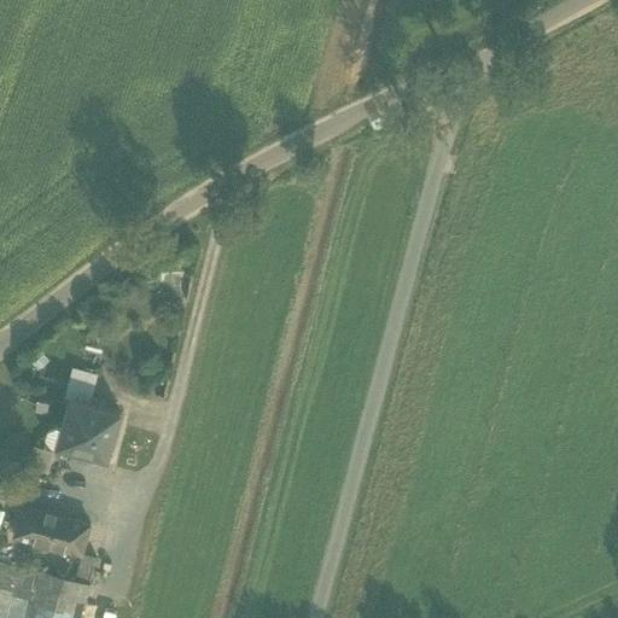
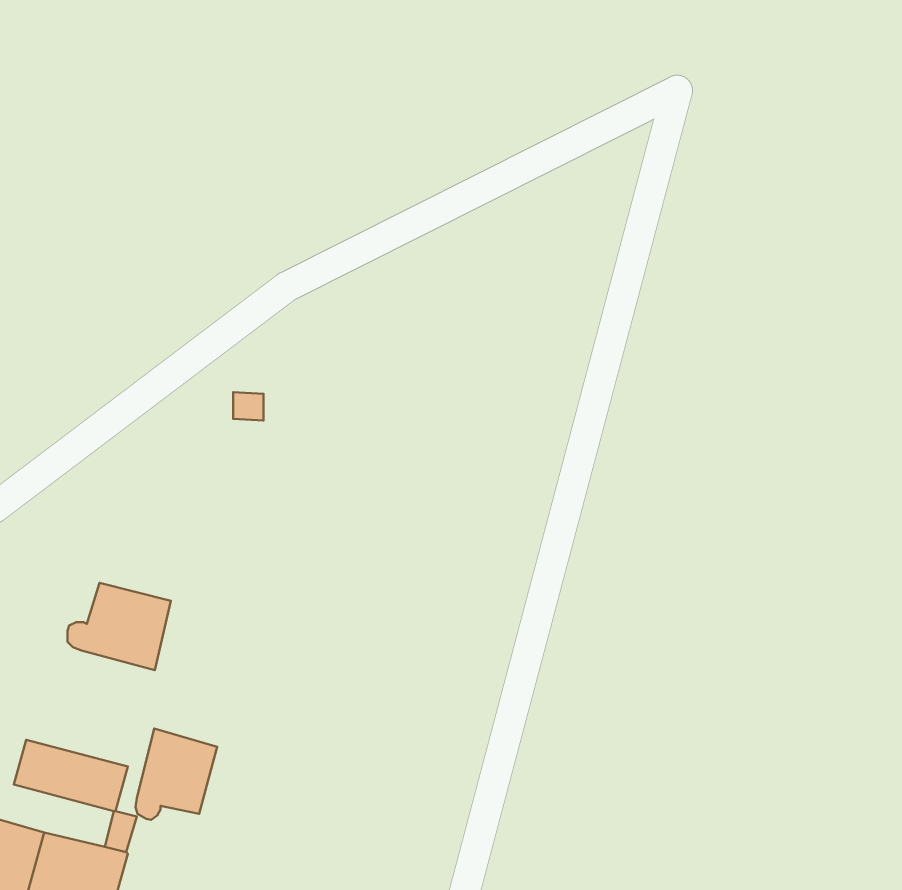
building: [68,372,100,408] -> none
building: none -> [136,729,217,820]

